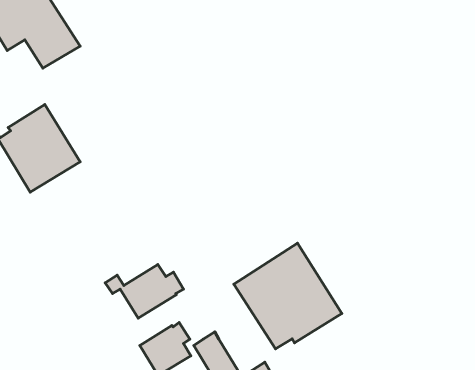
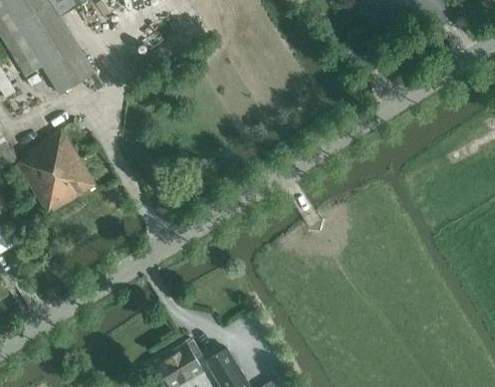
building: [234,243,342,349] -> none
building: [105,264,184,318] -> none

